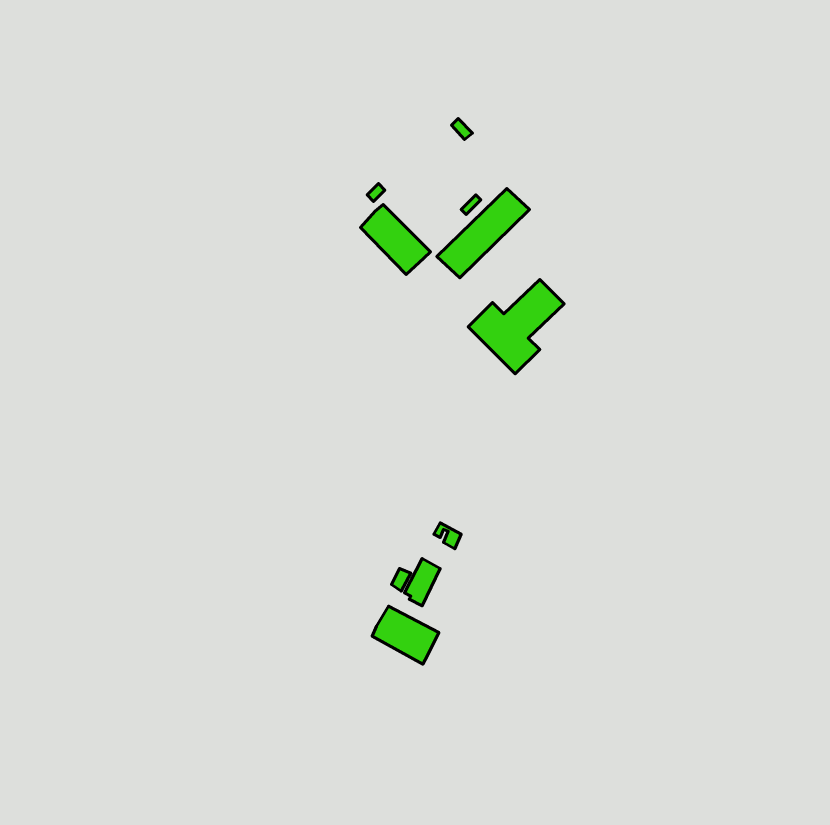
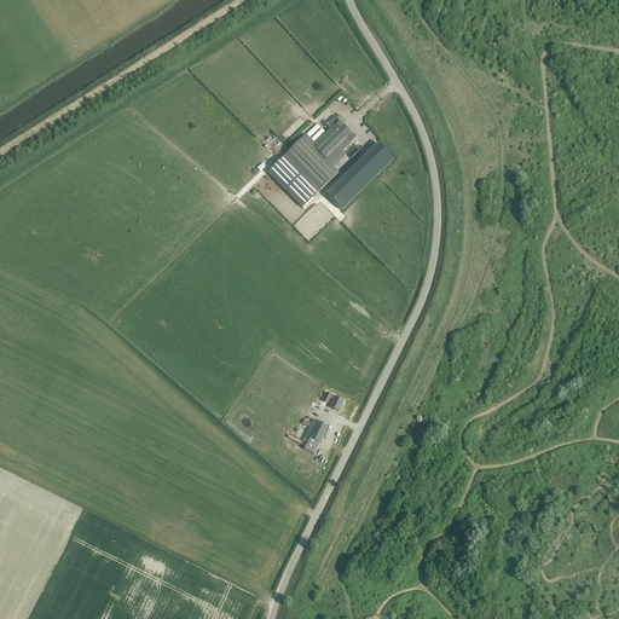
building: [468,280,564,374] -> [285,117,357,187]
building: [372,606,439,664] -> none

